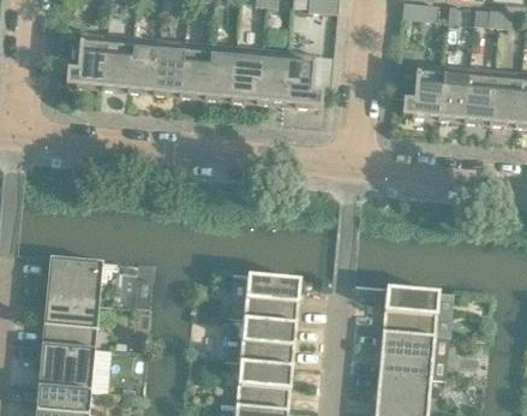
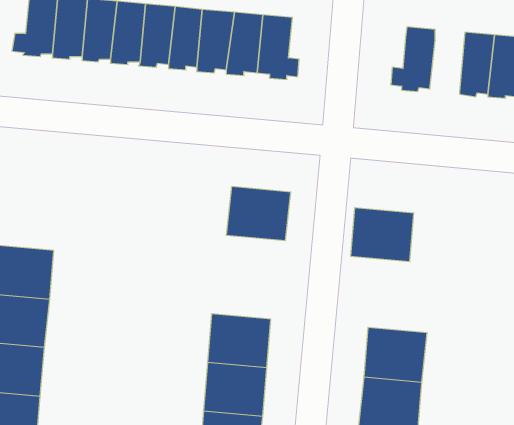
building: [437,63,468,120] -> none
building: [242,273,300,321] -> [226,187,291,241]
building: [382,285,438,333] -> [351,208,414,262]

